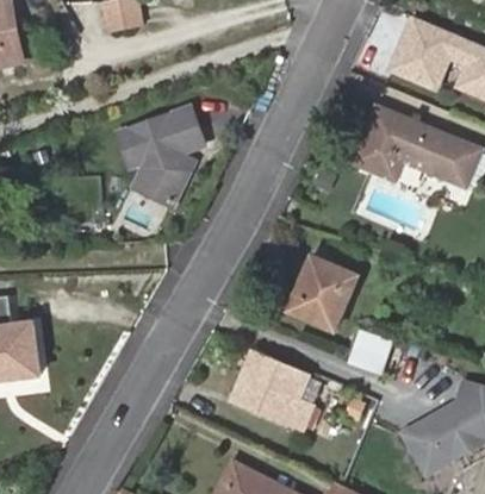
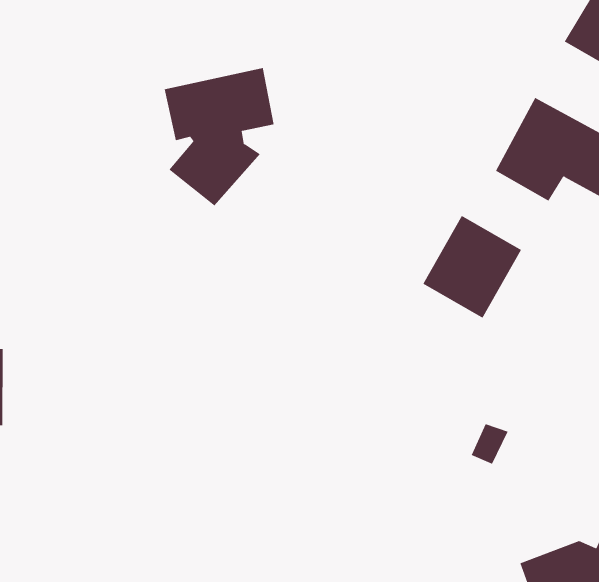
building: [291,258,356,327] -> [422,215,522,318]
building: [232,352,310,426] -> none

